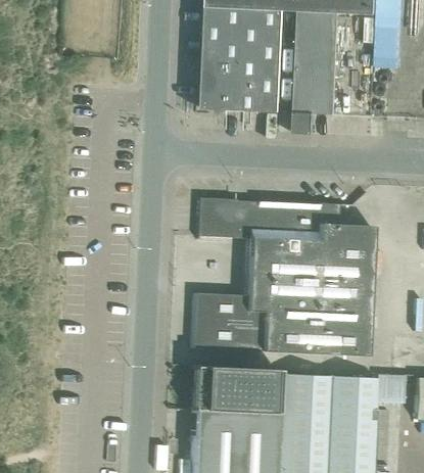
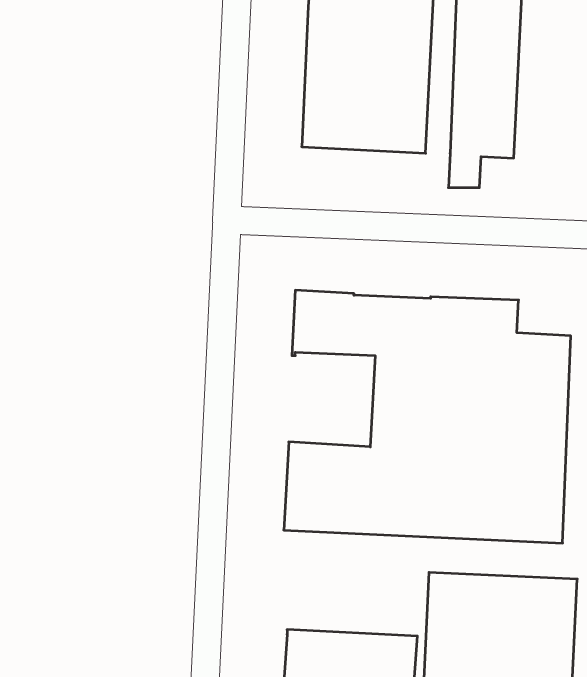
building: [190,366,278,414] -> none

